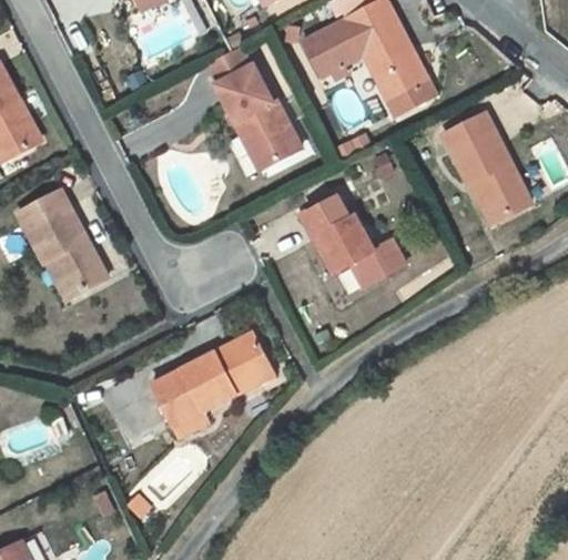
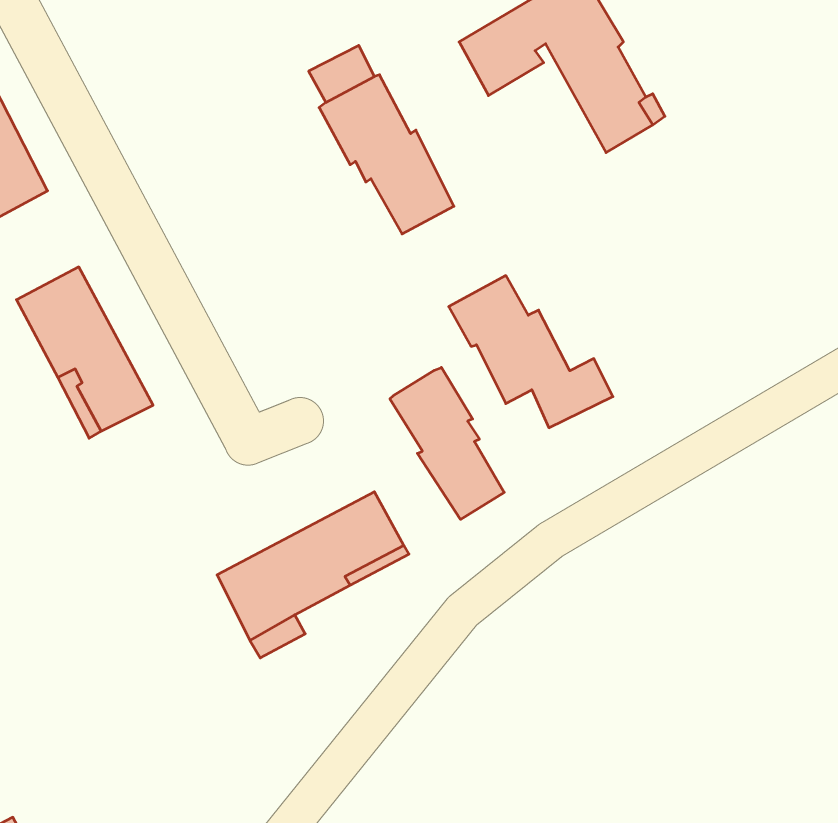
building: [445,123,525,235] -> none
building: none -> [390,367,504,519]

